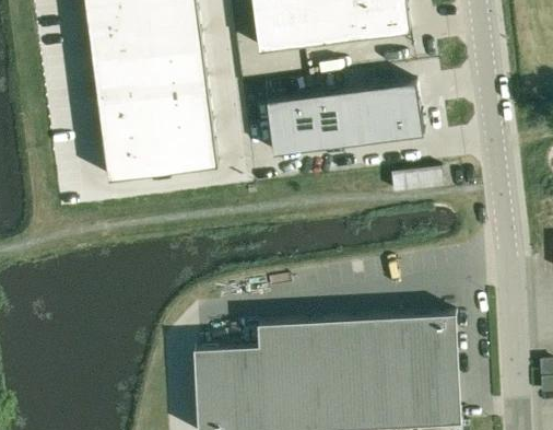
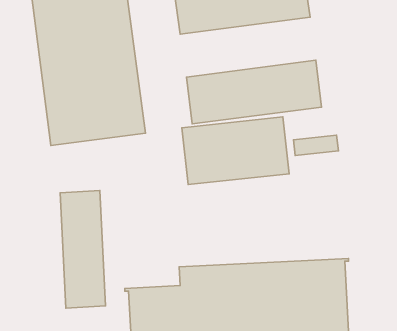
building: none -> [182,117,289,185]
building: none -> [60,190,106,308]

